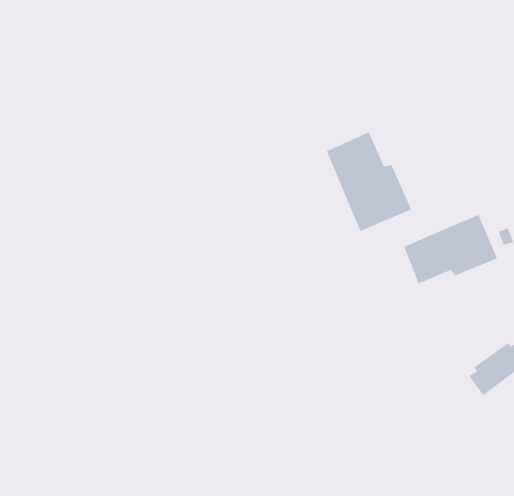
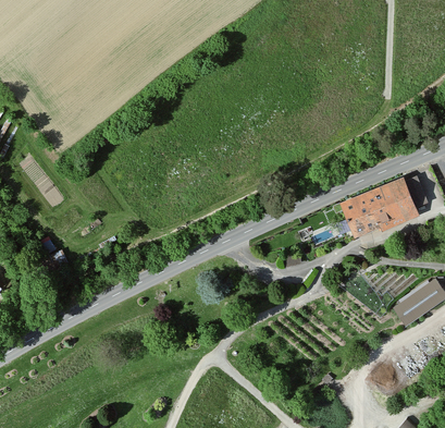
building: [326,131,412,232] -> none

